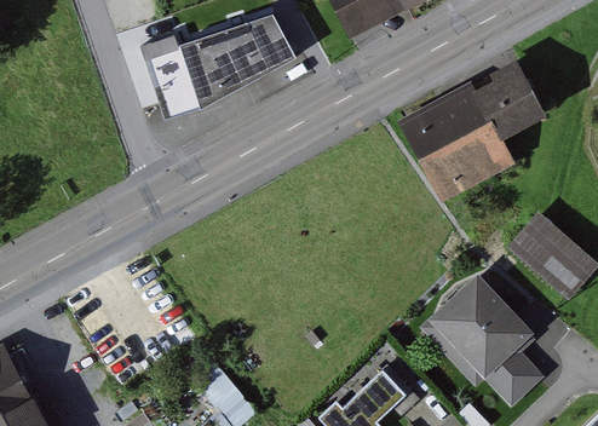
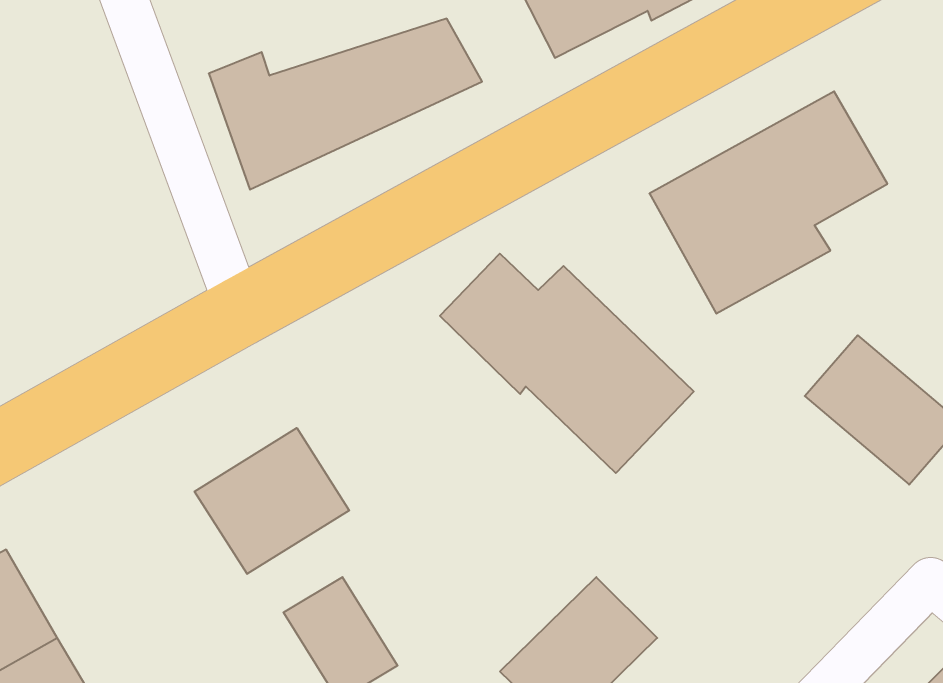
building: none -> [440,254,694,473]
building: none -> [195,428,349,574]
building: [413,272,537,405] -> none

